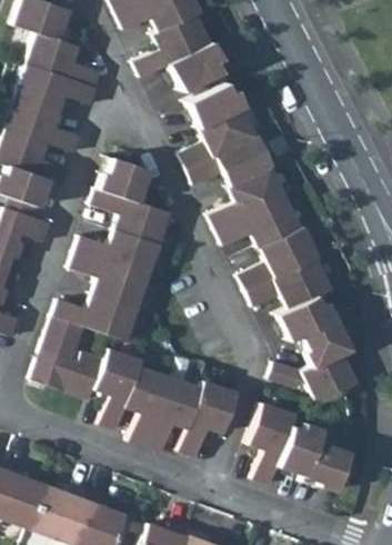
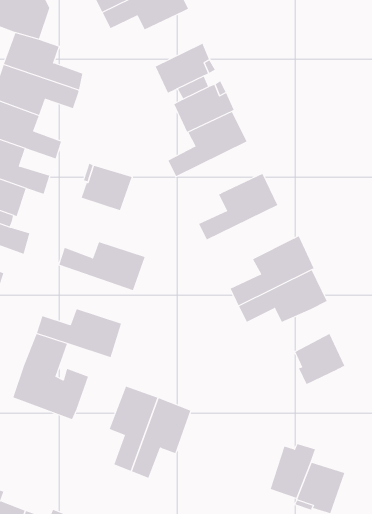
building: [135,12,212,77] -> none
building: [189,135,273,185] -> none
building: [93,189,170,245] -> none
building: [218,196,301,248] -> none
building: [72,252,149,308] -> none
building: [278,295,334,340] -> none
building: [96,348,143,430] -> none
building: [271,351,355,402] -> none
building: [180,384,239,459] -> none
building: [249,402,295,483] -> none

